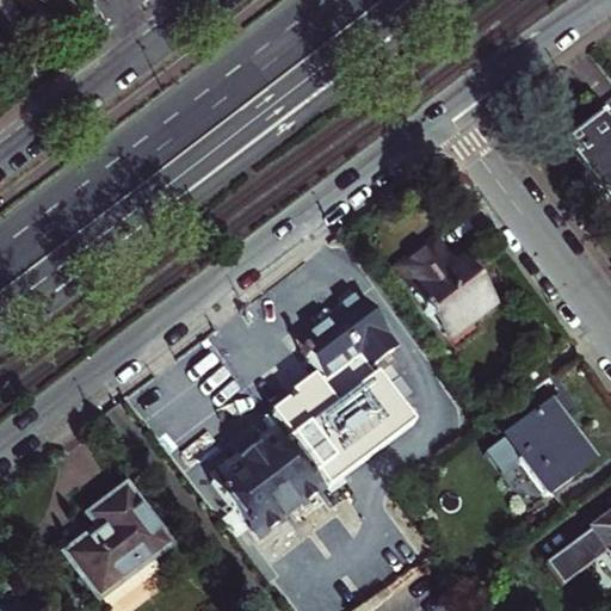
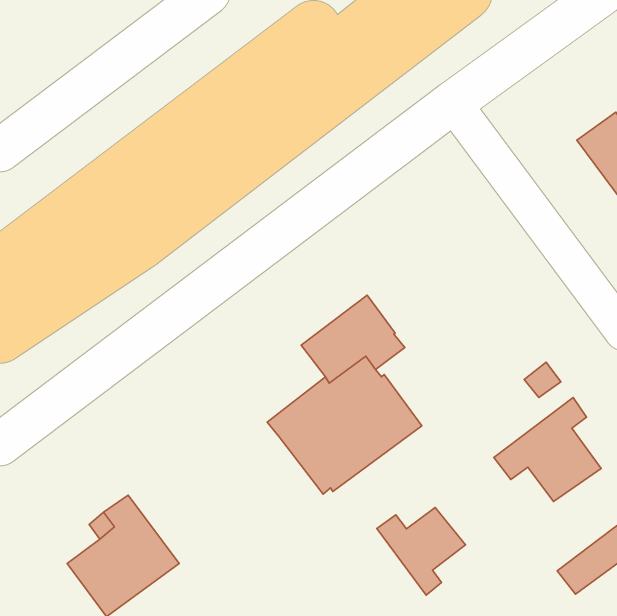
building: [403,235,498,332] -> none
building: [215,427,323,532] -> none
building: none -> [377,507,465,595]

